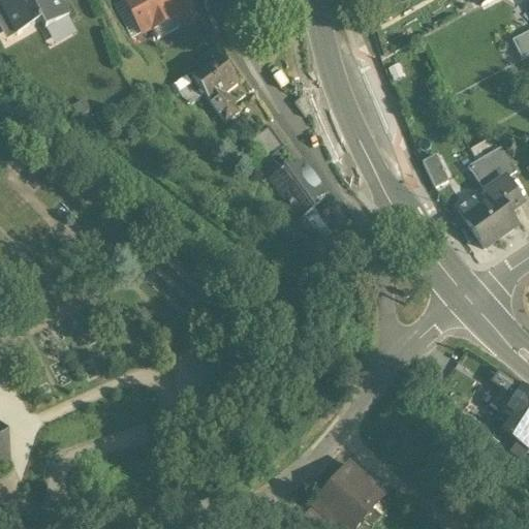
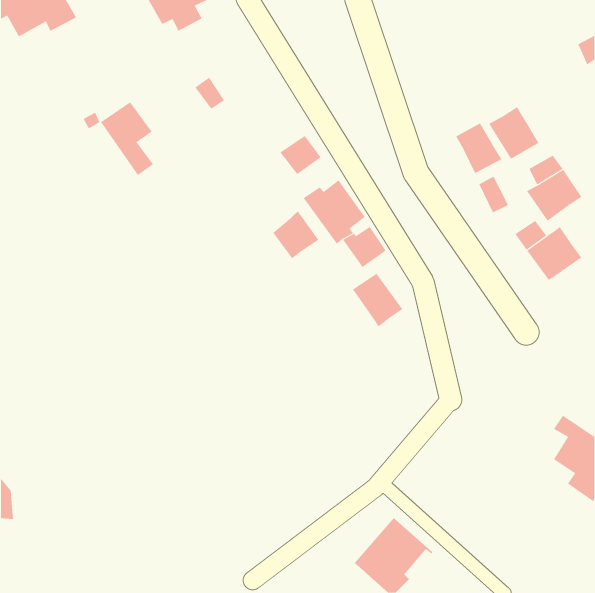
building: [191,49,239,115] -> [100,101,154,176]
building: none -> [488,106,539,159]
building: none -> [455,122,502,174]
building: [486,182,522,216] -> none
building: none -> [272,210,319,259]
building: none -> [352,273,403,327]

